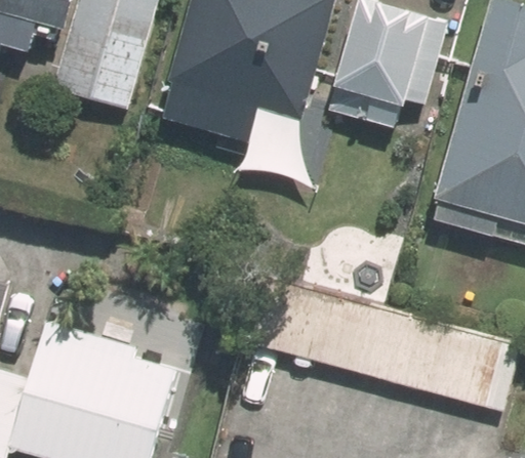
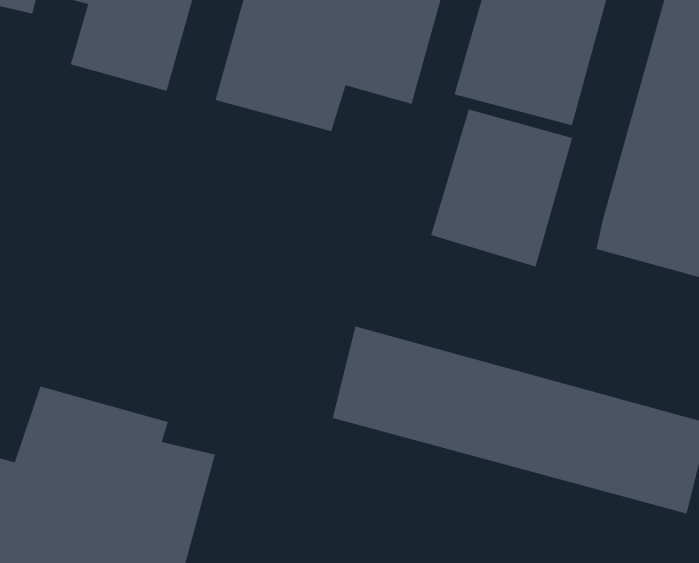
building: none -> [430,109,573,268]

